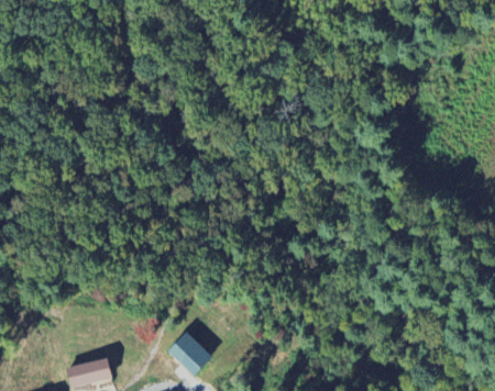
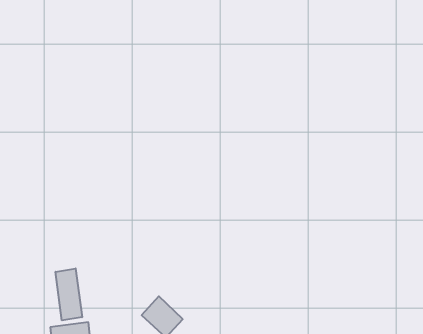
building: none -> [56,268,82,320]

